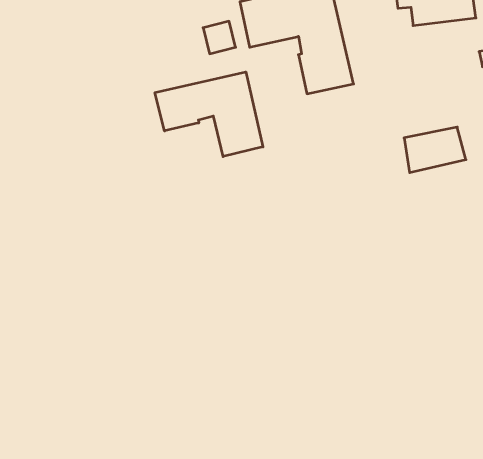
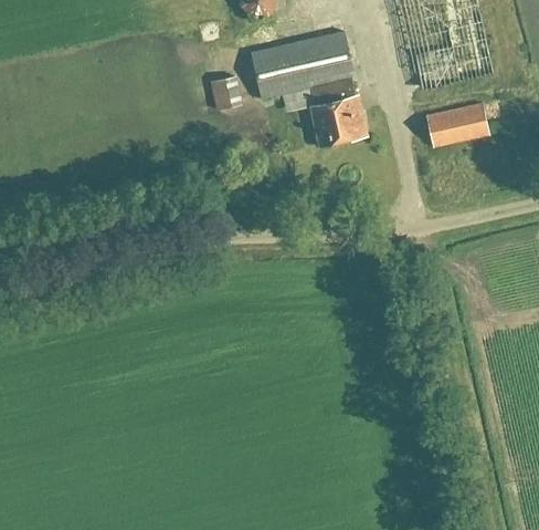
building: [155,72,263,157] -> none
building: [404,127,466,173] -> [425,103,488,149]

